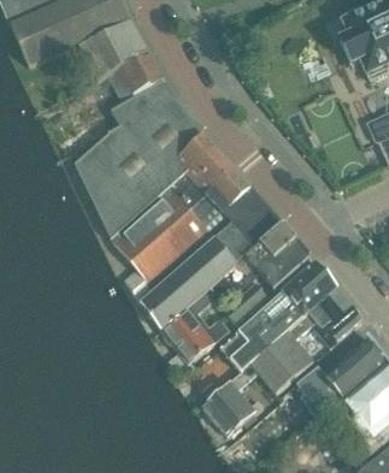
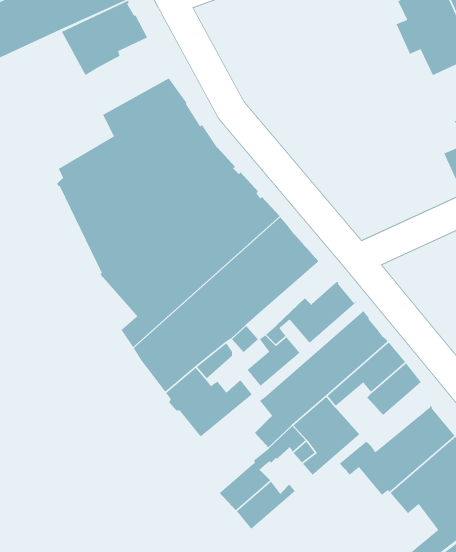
building: [107,48,163,101] -> none
building: [235,223,295,273] -> none

